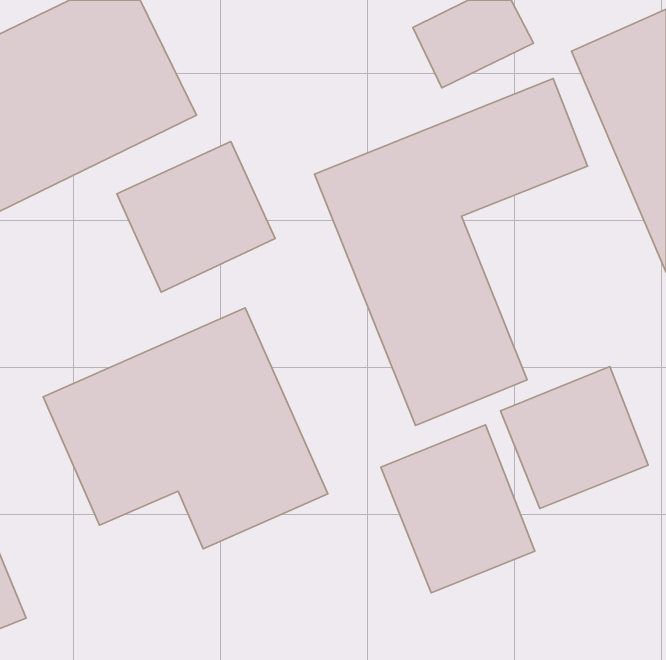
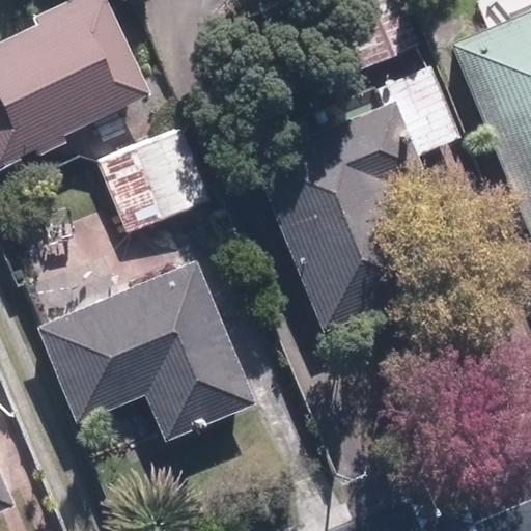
building: [500,366,648,509] -> none
building: [381,425,535,593] -> none

